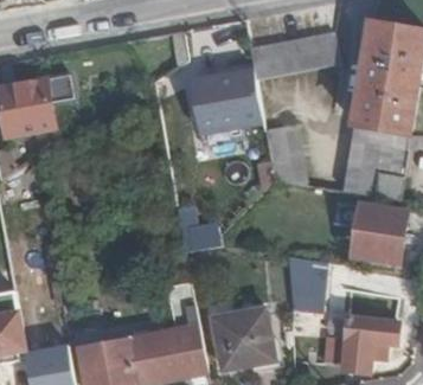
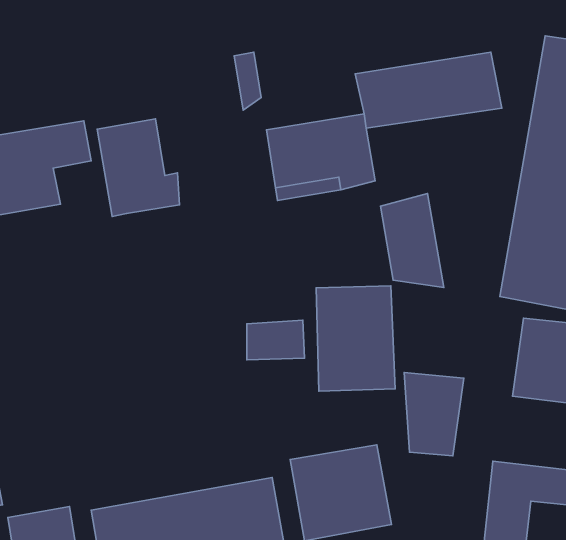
building: none -> [97,119,179,217]
building: none -> [316,286,395,391]

